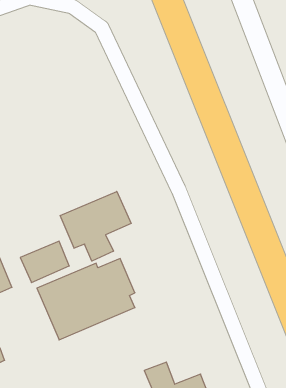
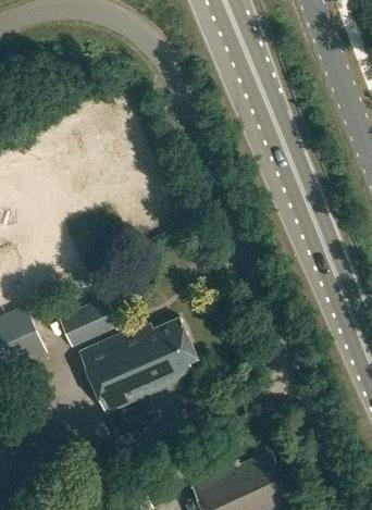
building: [60,191,131,261] -> none

